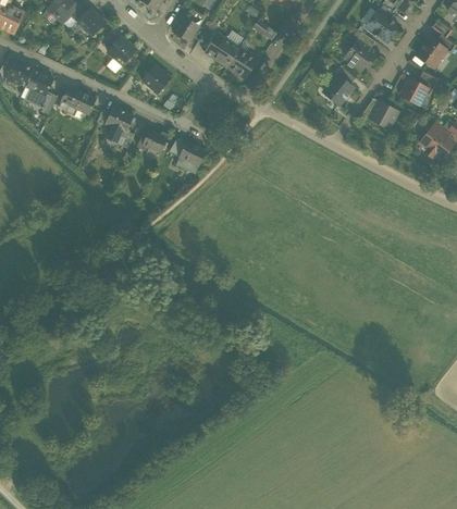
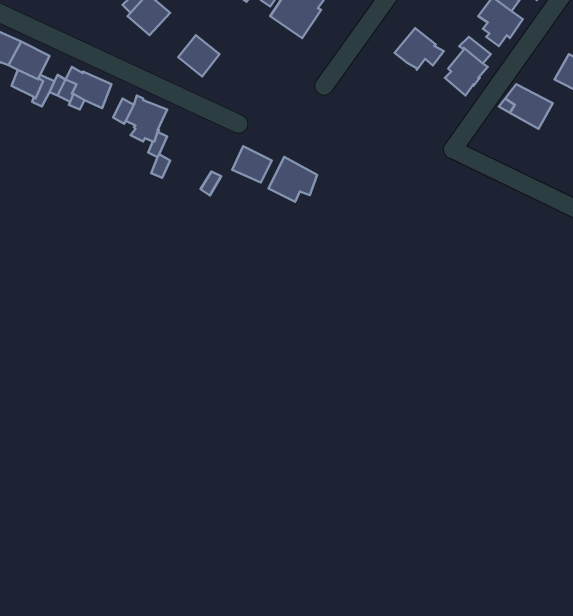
building: [226,48,257,78] -> none
building: none -> [394,28,444,70]
building: [137,129,168,153] -> none
building: none -> [268,157,317,202]

